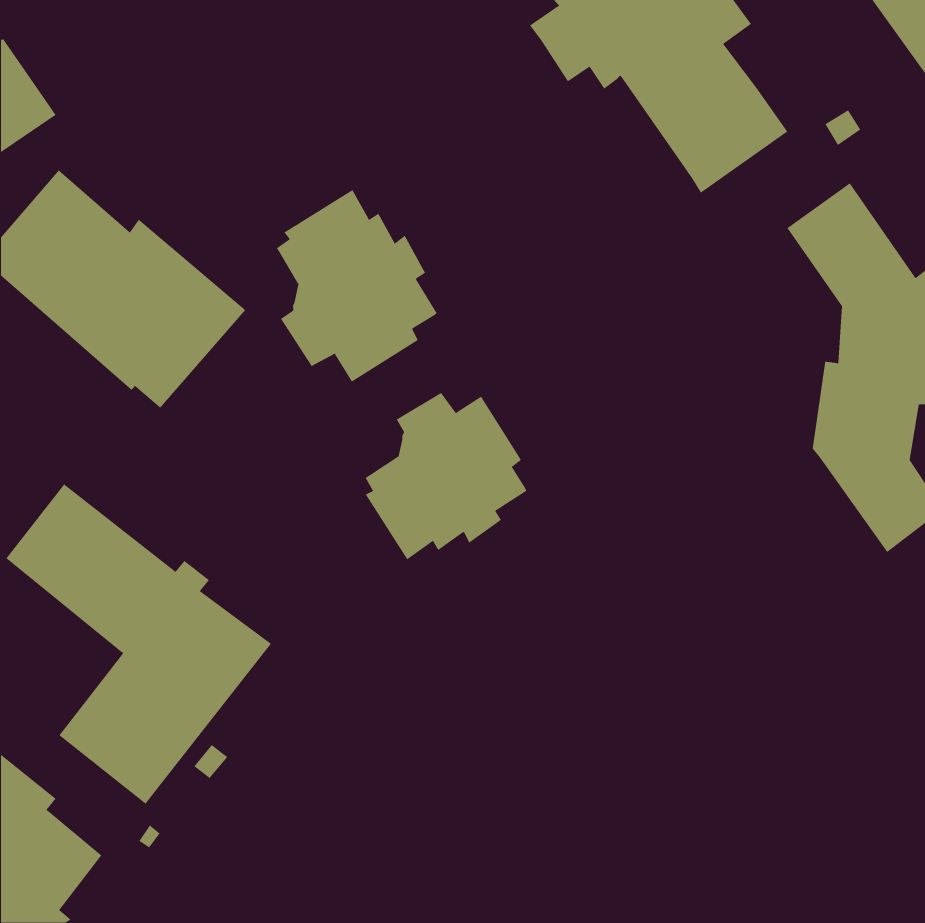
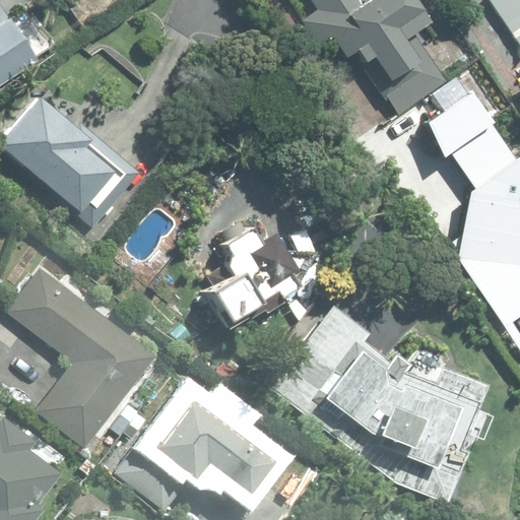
building: [276,189,437,382] -> none
building: none -> [270,308,485,503]
building: none -> [115,379,282,501]

